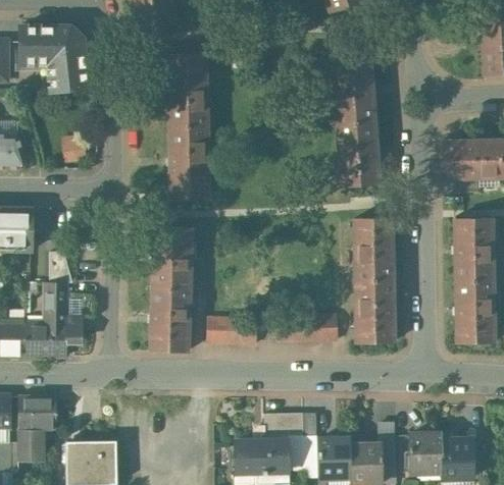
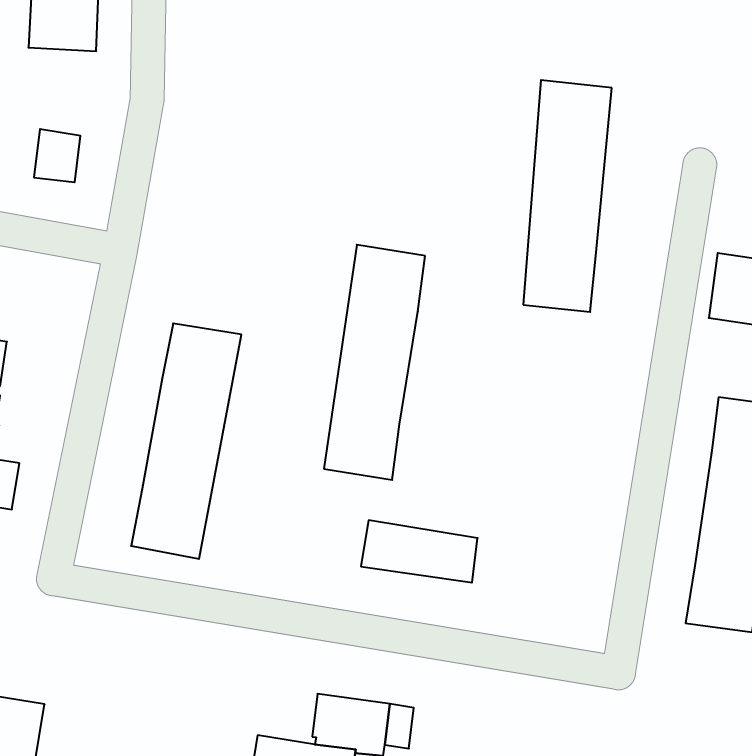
building: [167,54,207,199] -> none
building: [353,219,393,342] -> [324,245,425,480]
building: [208,318,257,344] -> none

